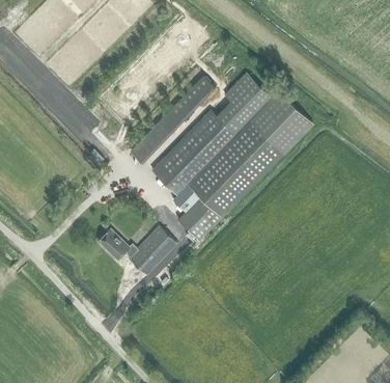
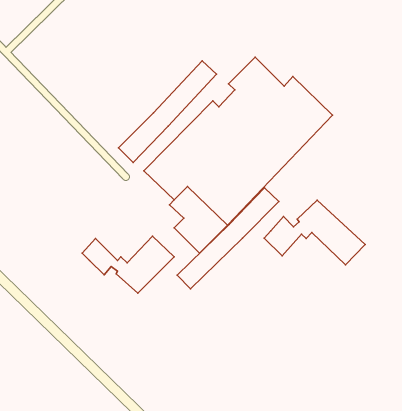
building: none -> [177,188,279,289]
building: none -> [264,200,365,265]

